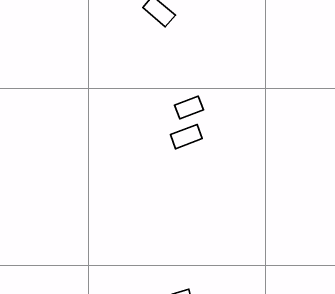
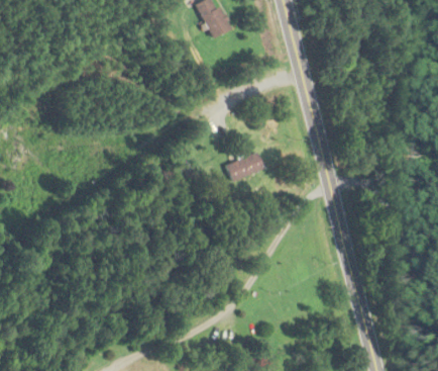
building: [174,96,204,119] -> none

